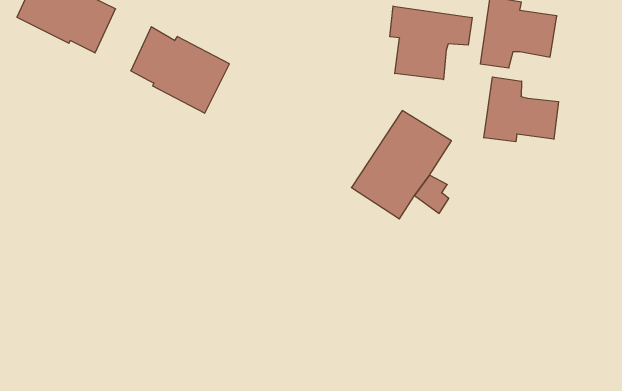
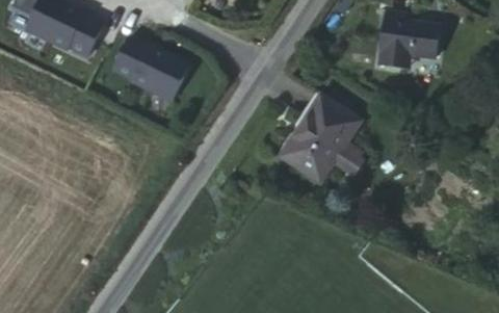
building: [390,6,472,80] -> none
building: [484,77,558,142] -> none

